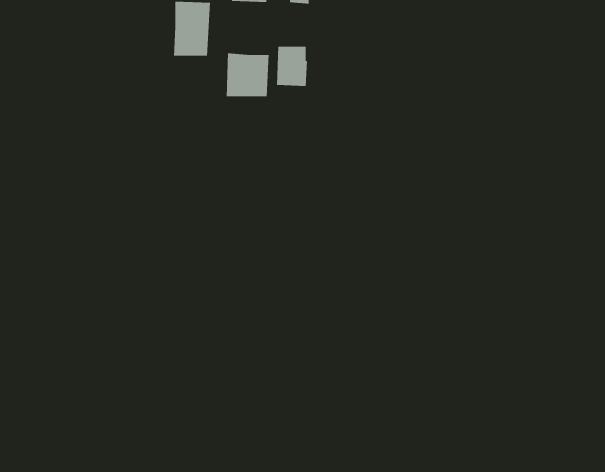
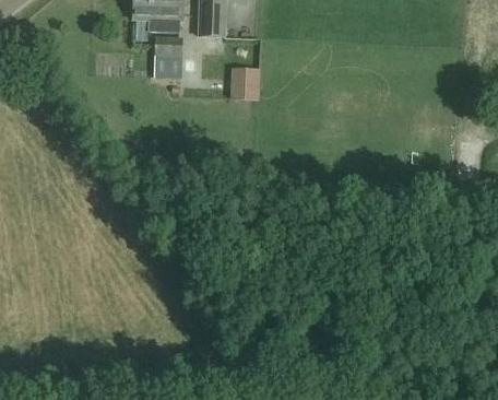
building: [226,52,269,97] -> none

